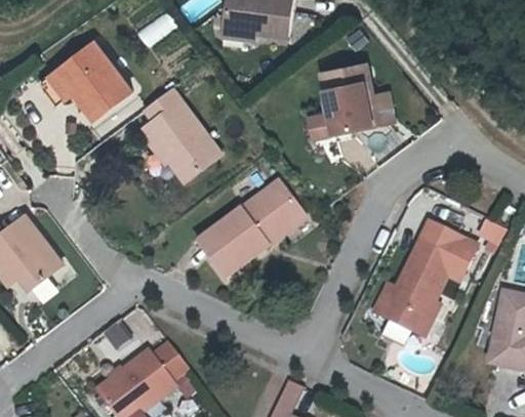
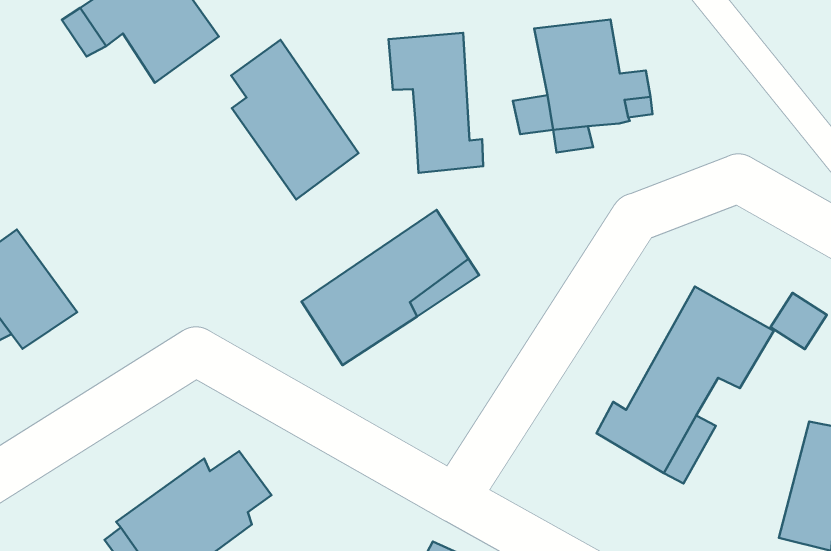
building: none -> [388,33,483,173]

